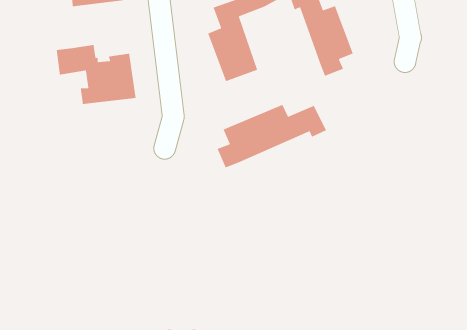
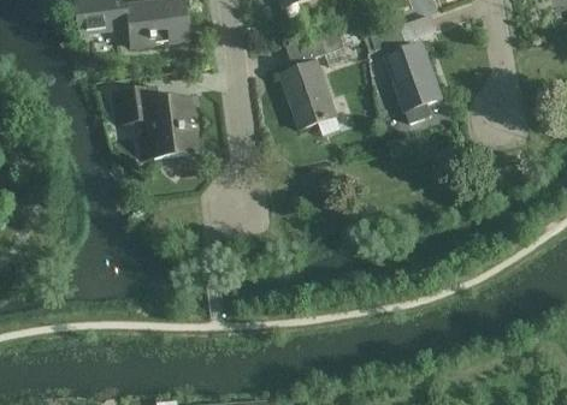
building: [216,104,327,169] -> none

